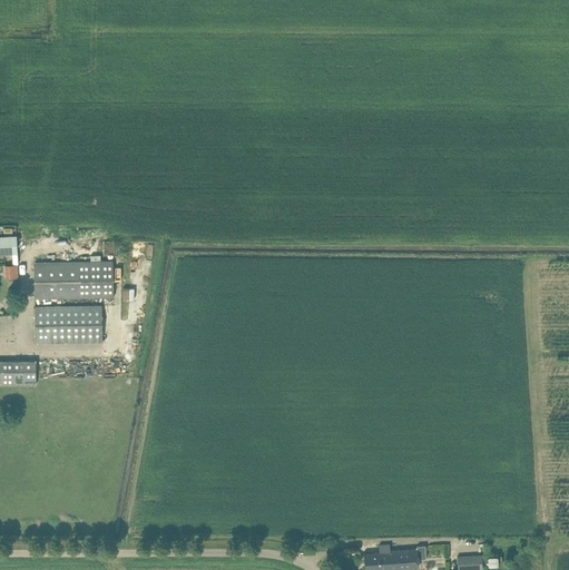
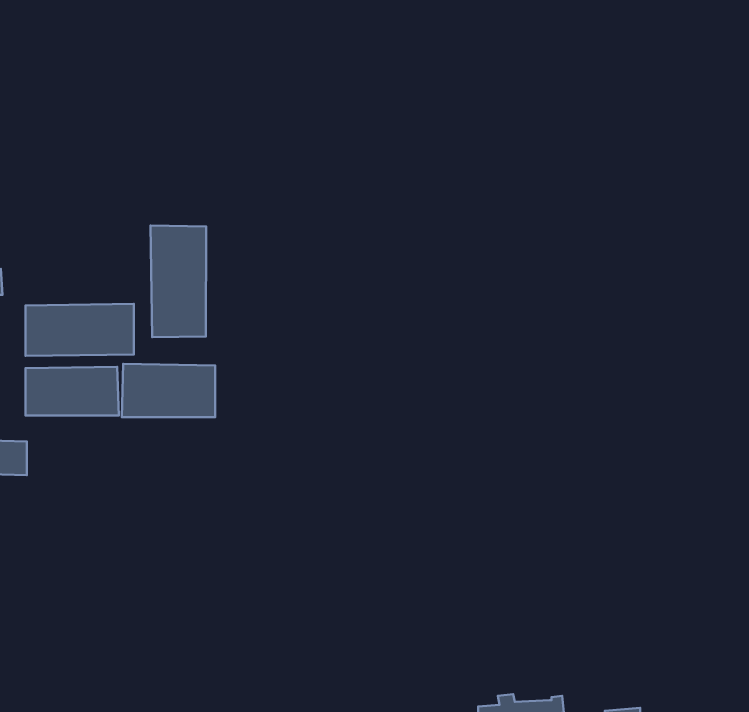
building: none -> [150,225,206,337]
building: none -> [122,364,215,417]

